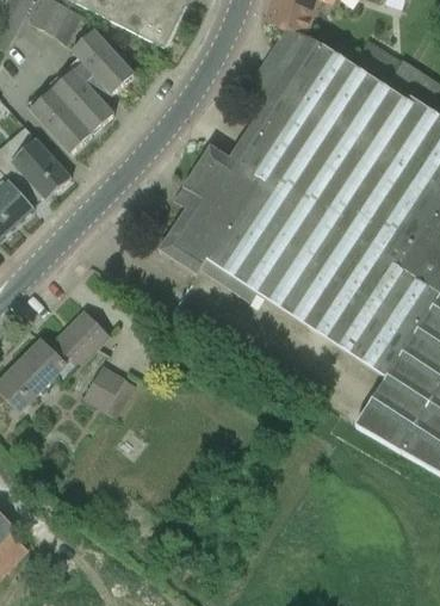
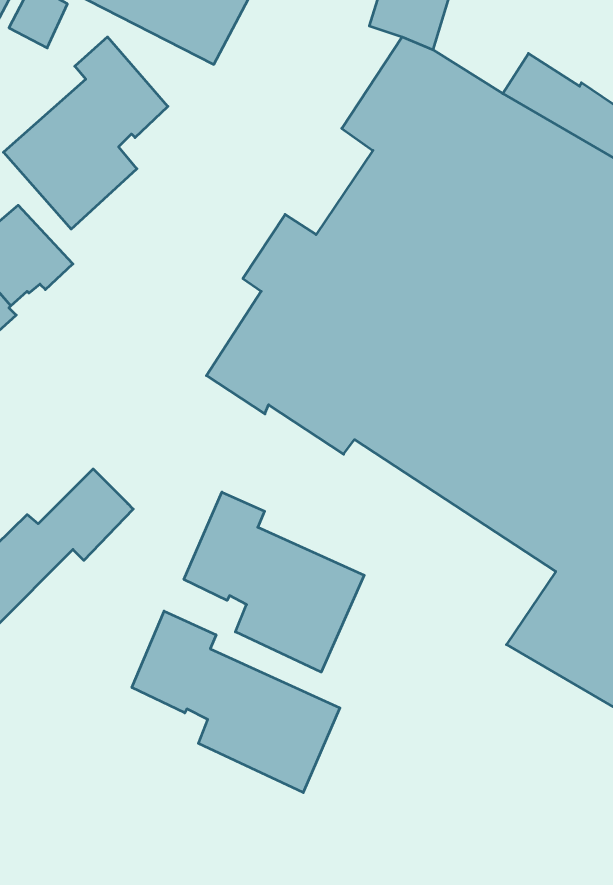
building: none -> [184,492,364,672]
building: [85,361,140,415] -> none
building: none -> [132,611,340,793]

